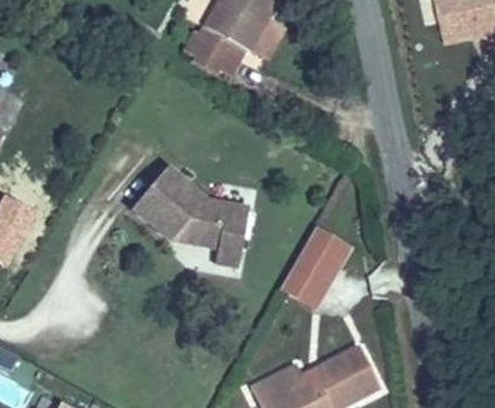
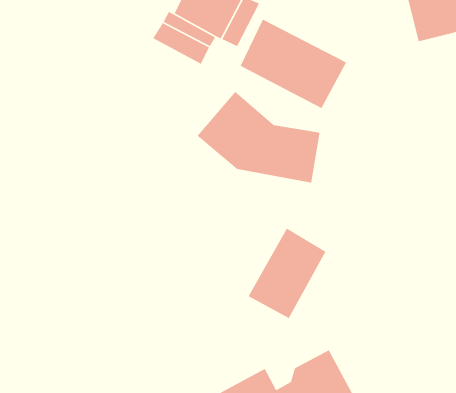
building: none -> [239,19,347,109]
building: [132,164,250,252] -> [196,91,320,183]

